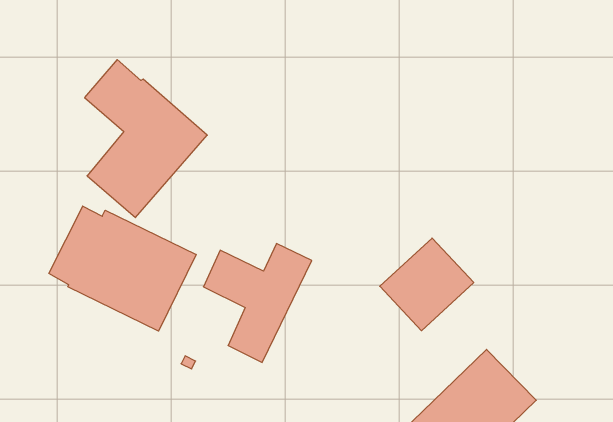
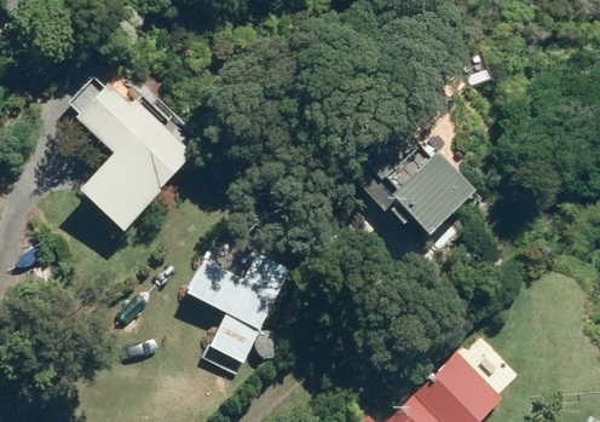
building: [49,206,196,331] -> none
building: [380,238,474,331] -> [380,149,467,235]

